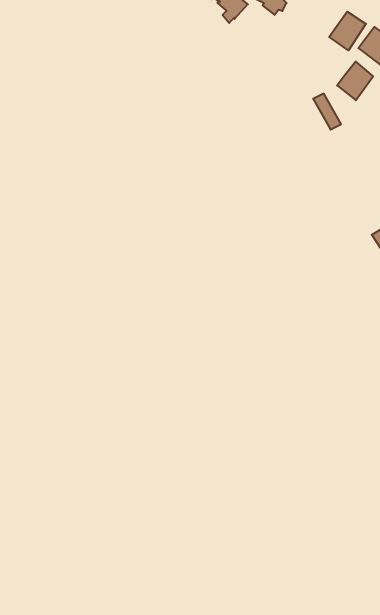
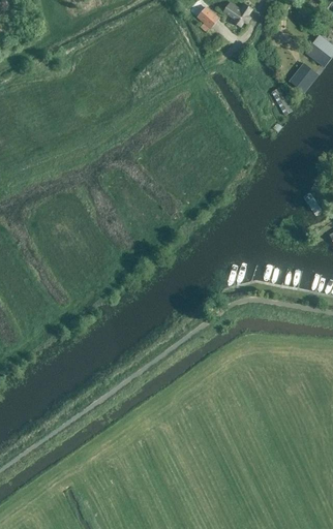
building: [329,12,366,50] -> none

